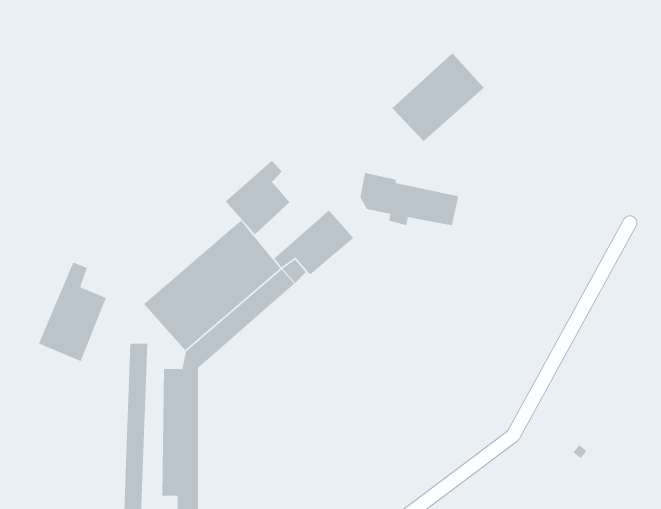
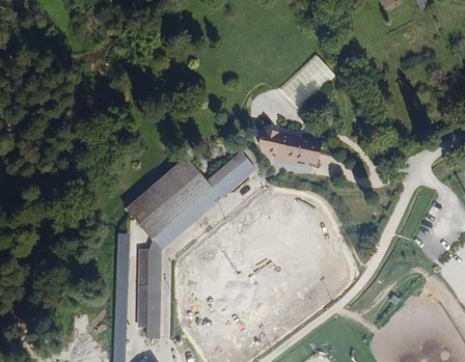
building: [225,160,290,235] -> none
building: [38,262,107,362] -> none

